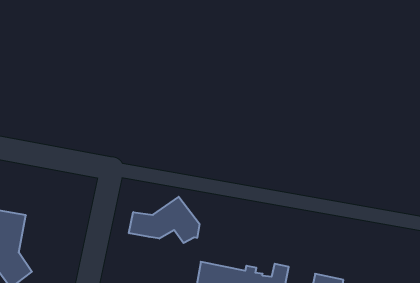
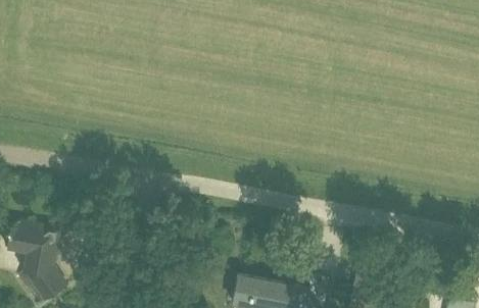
building: [129,197,199,243] -> none

